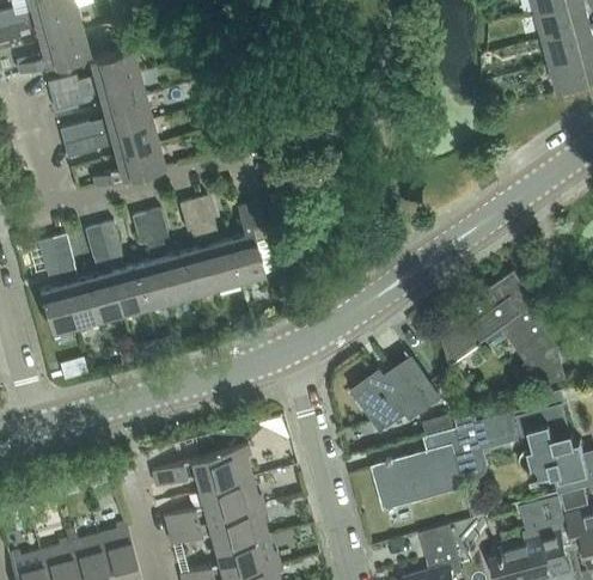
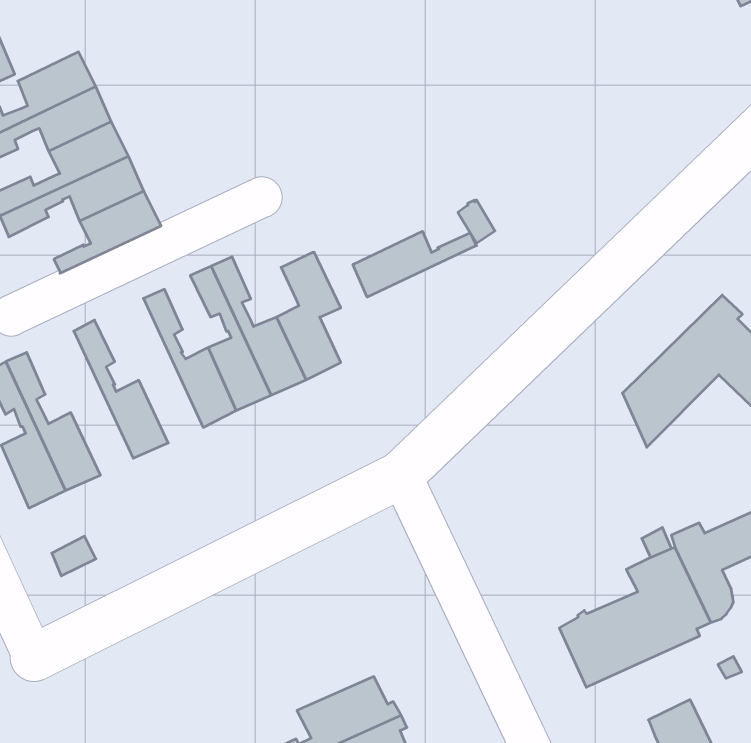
building: none -> [353,231,477,297]
building: [132,213,170,307] -> none
building: [85,226,122,320] -> none
building: [354,358,439,429] -> none
building: [152,446,251,492] -> none

